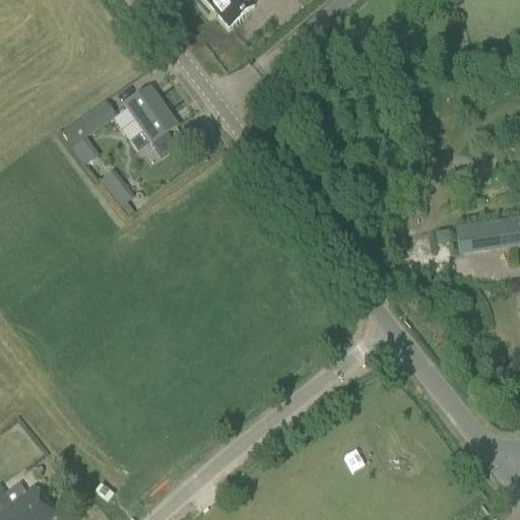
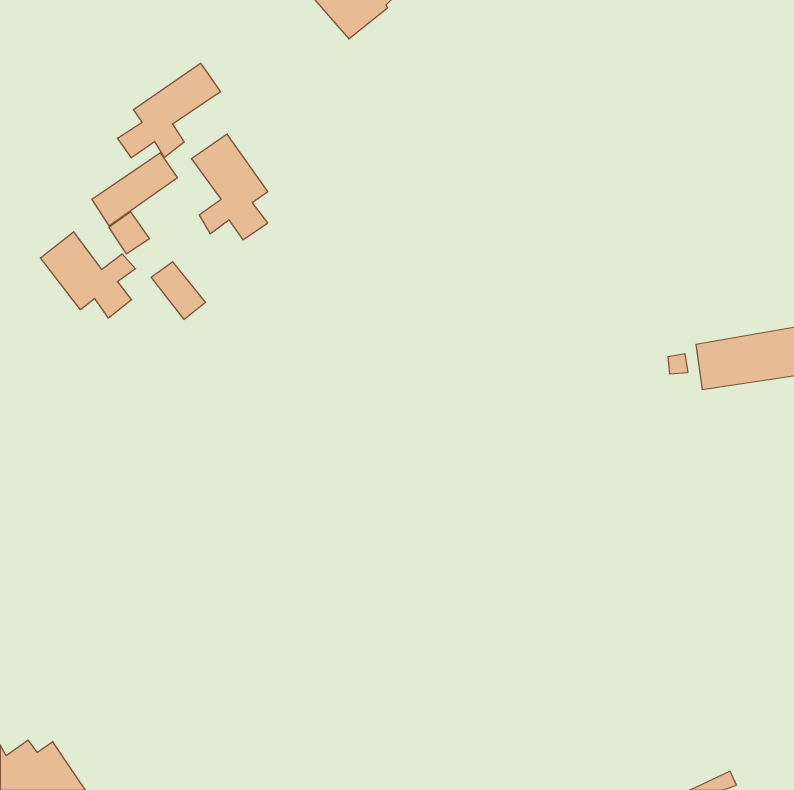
building: none -> [117,63,221,158]
building: none -> [40,232,136,318]

